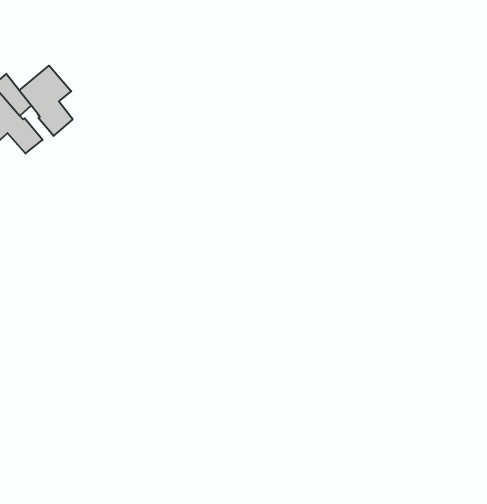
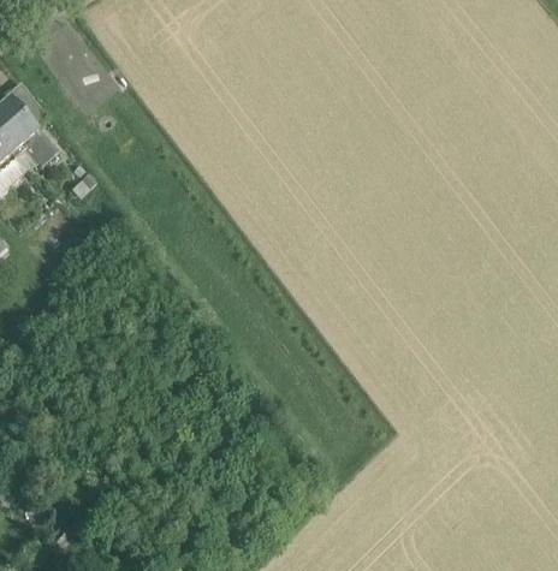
building: [19,66,73,136] -> none

